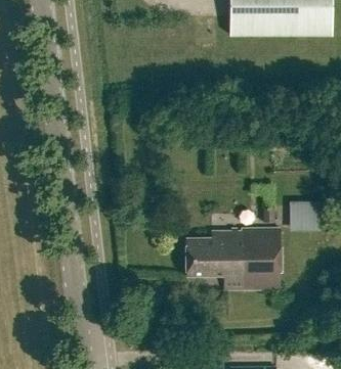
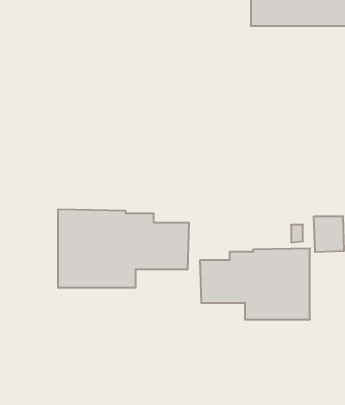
building: none -> [58,209,189,288]

